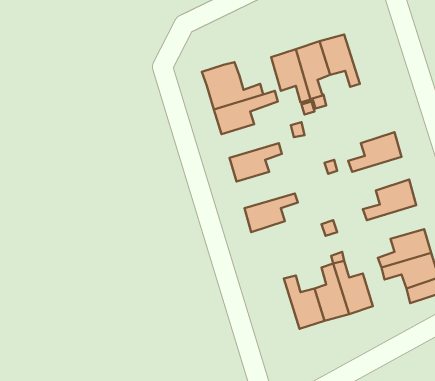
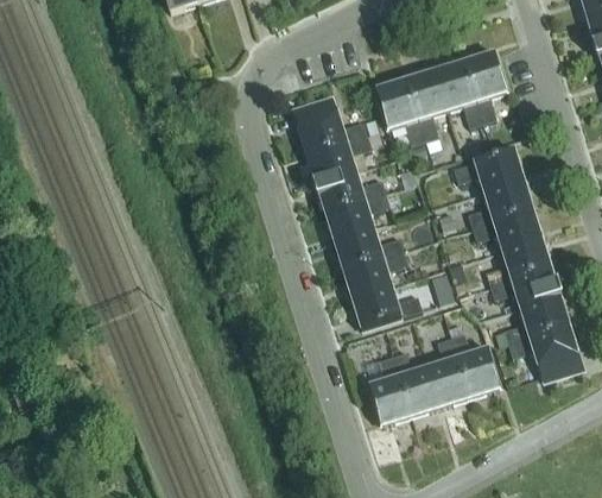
building: none -> [463,51,506,120]
building: none -> [455,150,524,191]
building: none -> [316,169,385,209]
building: none -> [473,208,541,248]
building: none -> [334,226,404,270]
building: none -> [490,266,559,307]
building: none -> [351,285,420,327]
building: none -> [368,354,410,424]

